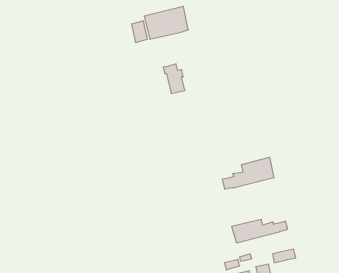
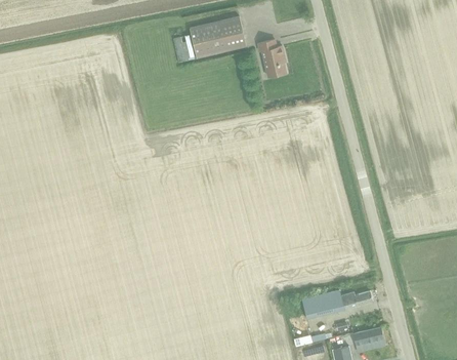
building: [163,64,185,94] -> [258,39,286,77]
building: [223,157,274,189] -> none

